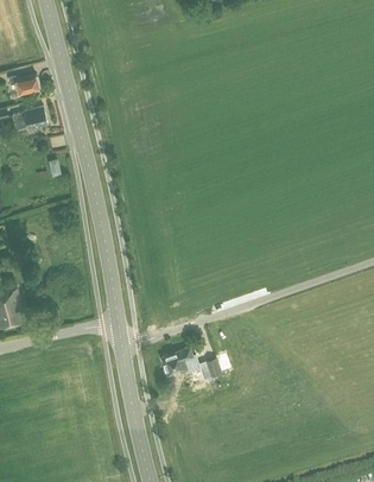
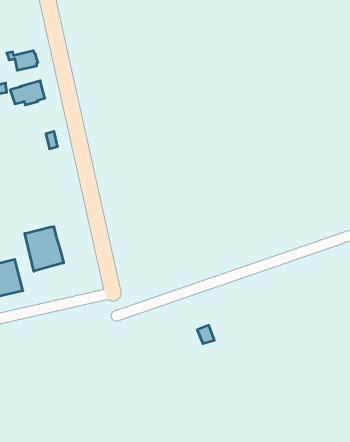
building: none -> [25,227,64,271]
building: [160,348,192,376] -> none

